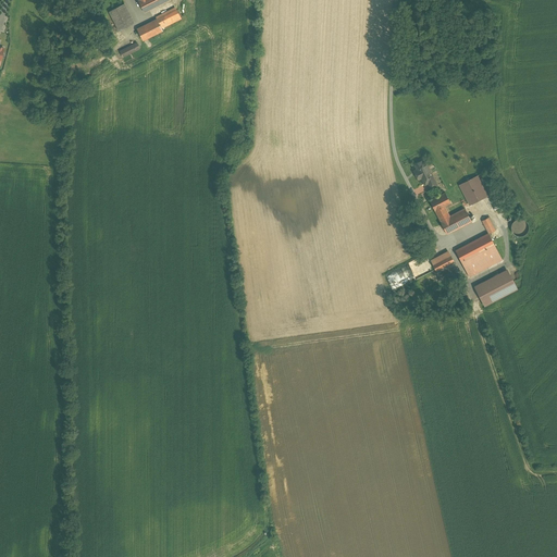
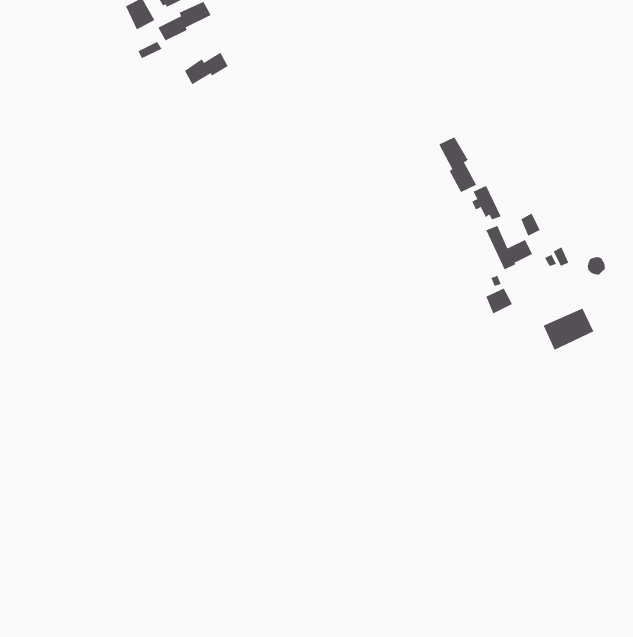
building: none -> [184,52,229,85]
building: none -> [438,136,477,193]
building: [454,233,500,277] -> none

